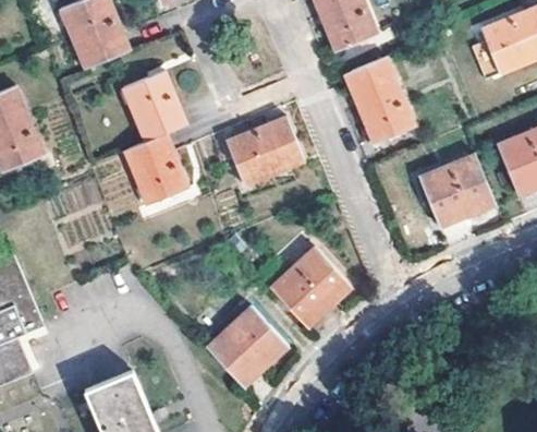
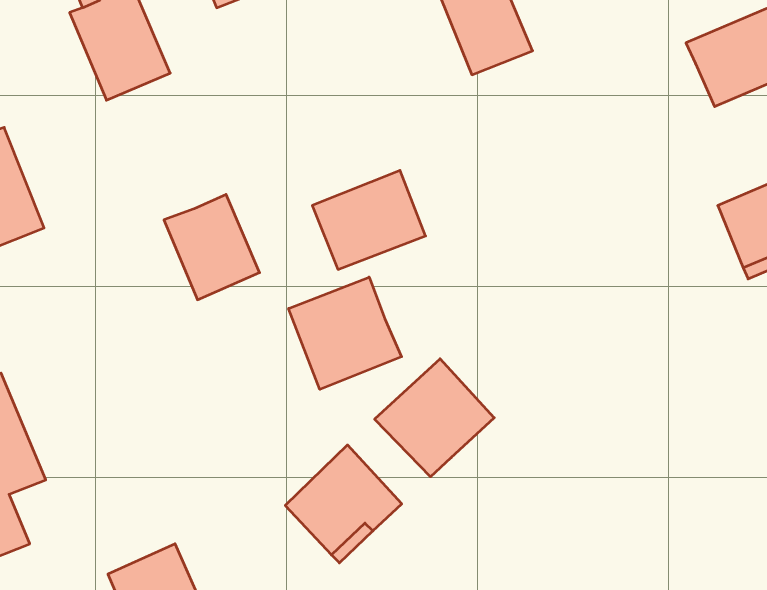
building: [344,56,414,143] -> none
building: [121,69,186,143] -> none
building: [418,153,495,226] -> none
building: none -> [289,277,402,389]

